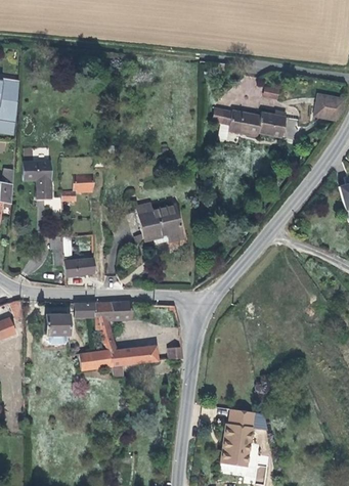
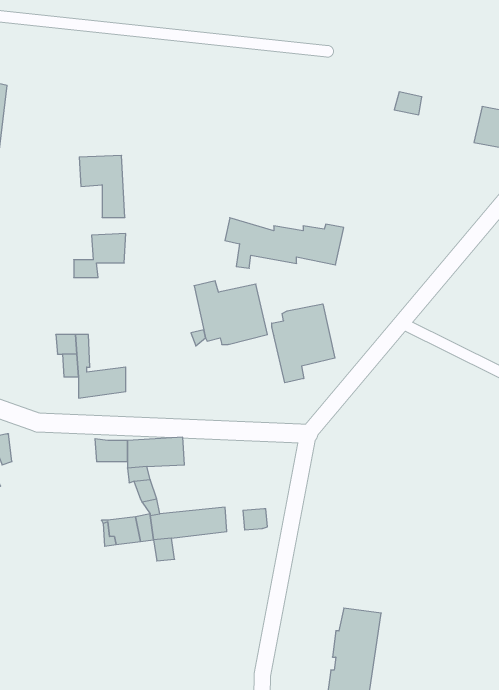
building: [212,106,287,138] -> [225,218,344,268]
building: [23,161,51,200] -> [79,155,125,217]
building: none -> [272,304,335,383]
building: [45,314,70,344] -> none

